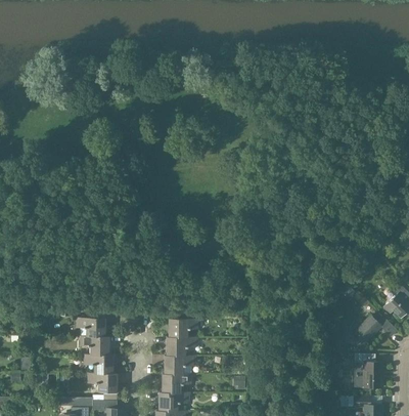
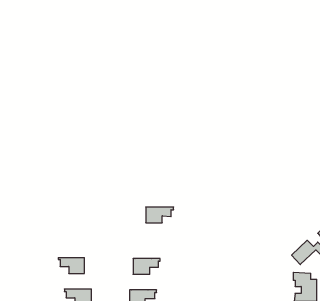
building: [75,317,106,335] -> none
building: [169,318,201,336] -> [146,207,174,223]
building: [82,353,113,372] -> none
building: [165,355,196,373] -> none

